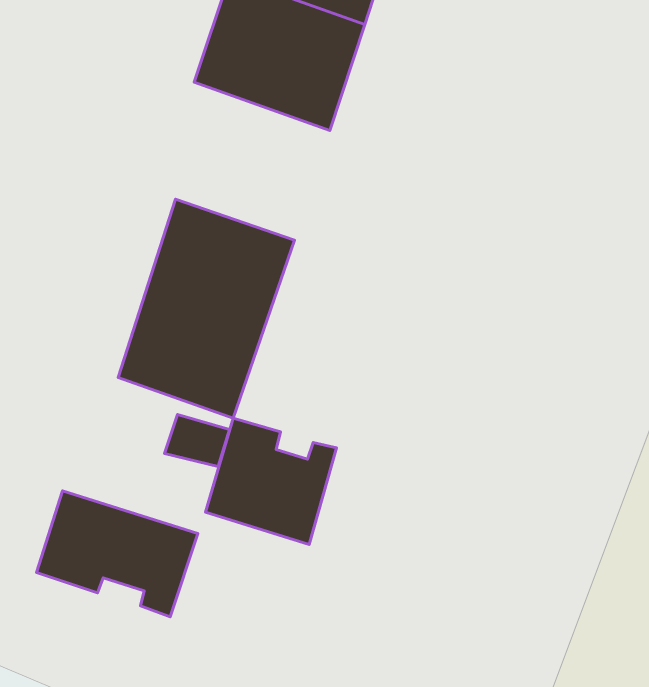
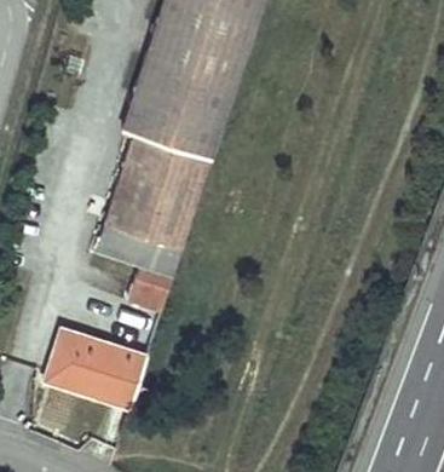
building: none -> [120,62,232,165]
building: [205,418,337,544] -> none

